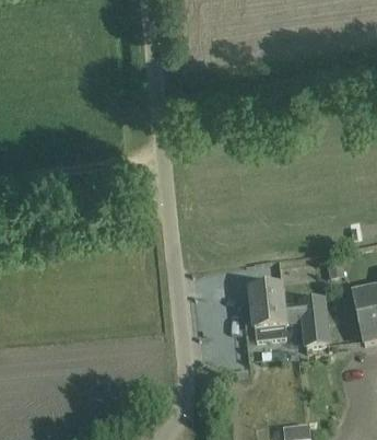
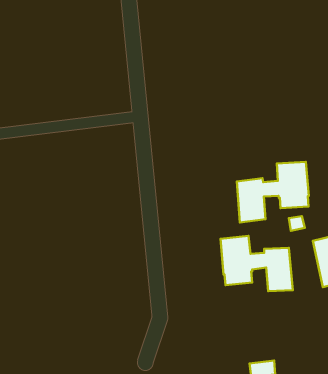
building: none -> [237,162,309,222]

